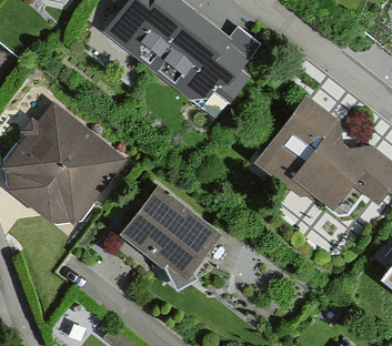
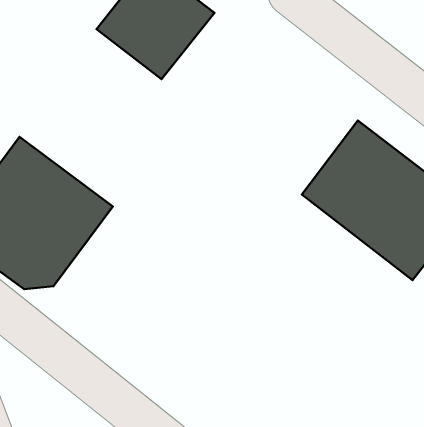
building: [158,17,245,105] -> none
building: [118,183,222,283] -> none

